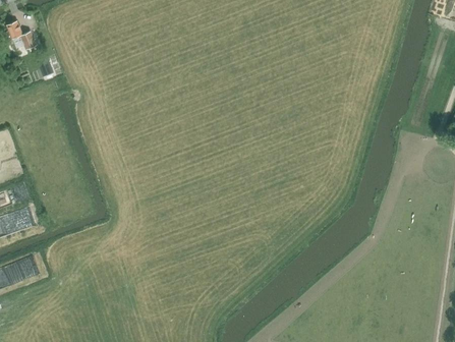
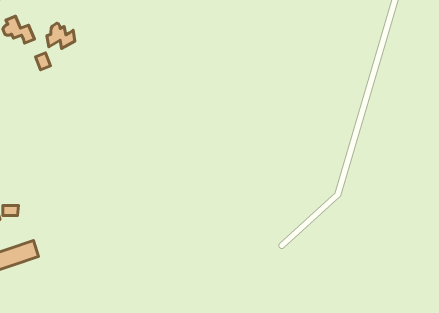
building: none -> [47,23,75,49]

